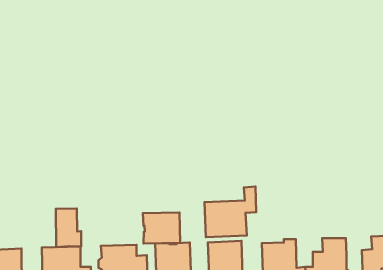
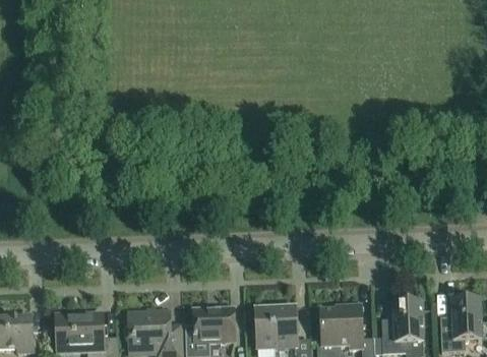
building: [204,187,256,237] -> none
building: [56,208,81,247] -> none
building: [143,213,180,244] -> none

